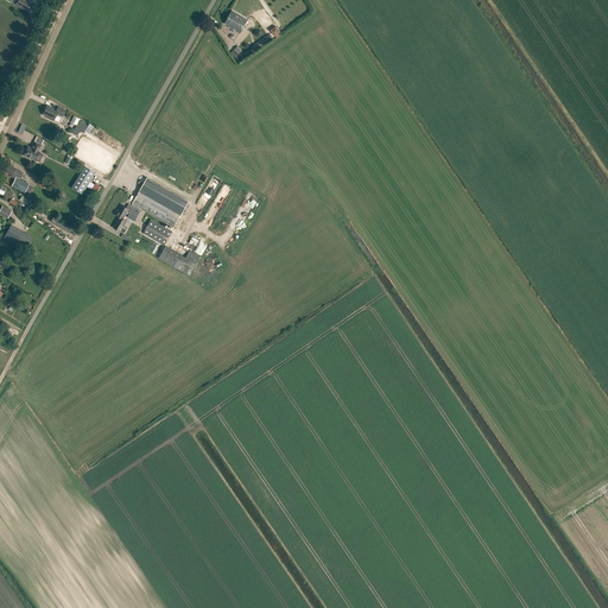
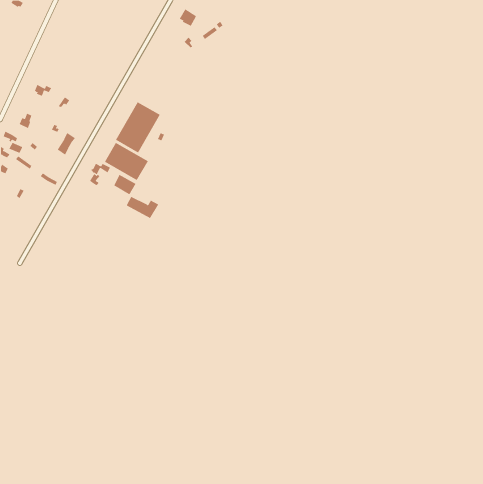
building: none -> [115,101,160,153]

